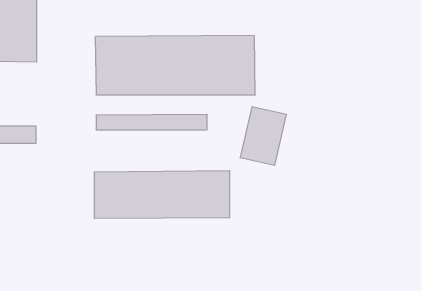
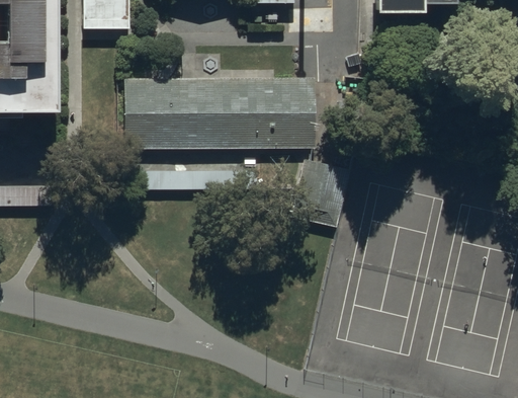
building: [94,170,230,219] -> none

